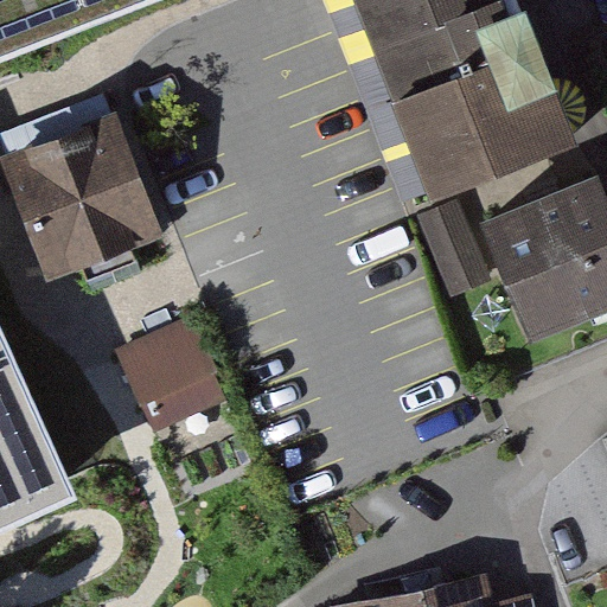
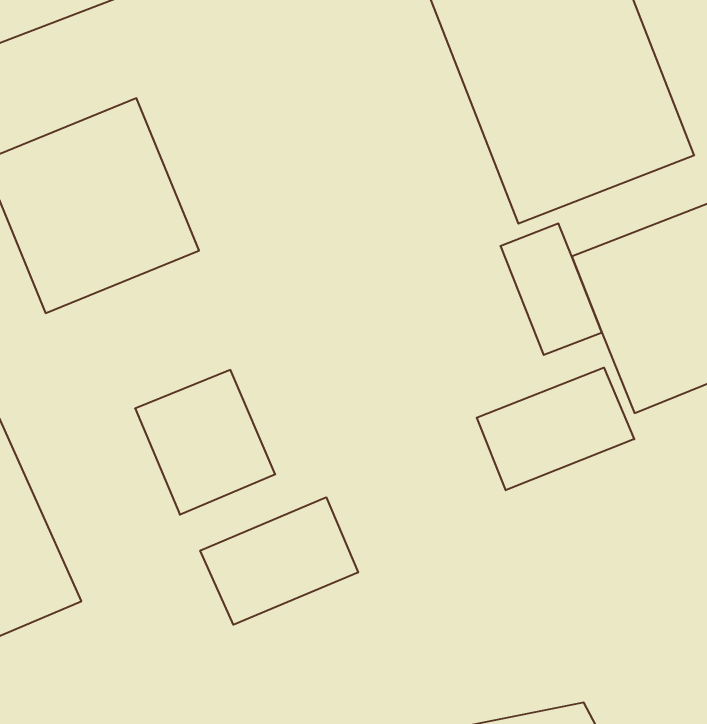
building: none -> [477,368,634,490]
building: none -> [200,497,358,625]

